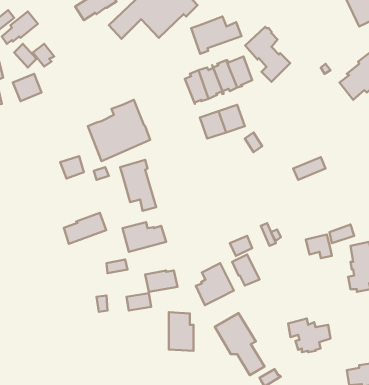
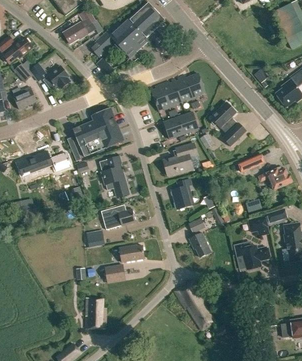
building: [191,16,242,54] -> none
building: [245,27,290,82] -> [210,102,246,146]
building: none -> [43,65,70,90]
building: none -> [163,143,197,175]
building: none -> [258,168,292,190]
building: none -> [171,178,193,209]
building: [64,213,106,244] -> [18,151,52,176]
building: [196,263,234,305] -> none
building: [169,312,194,351] -> [86,298,106,329]
building: [288,319,331,352] -> [235,242,269,269]

